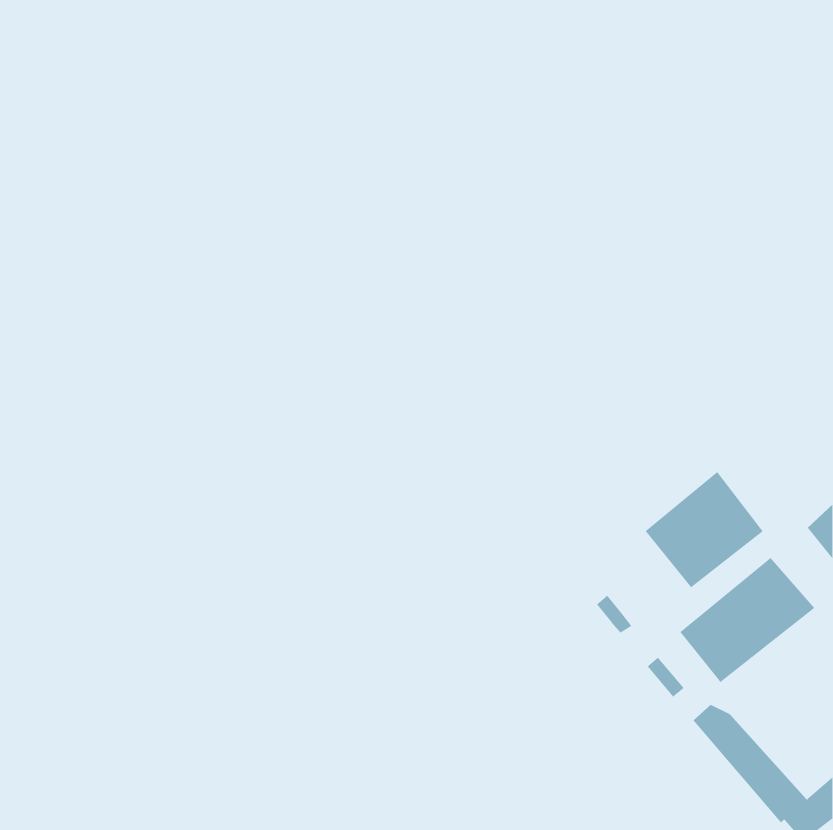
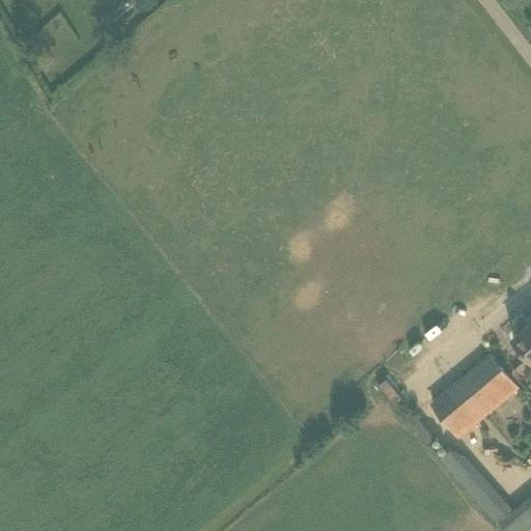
building: [645,471,763,588] -> none

